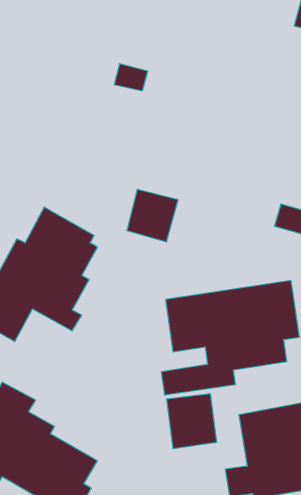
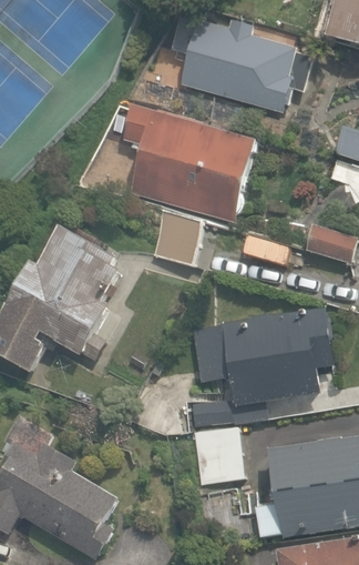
building: none -> [168,14,311,112]
building: none -> [121,105,255,222]

